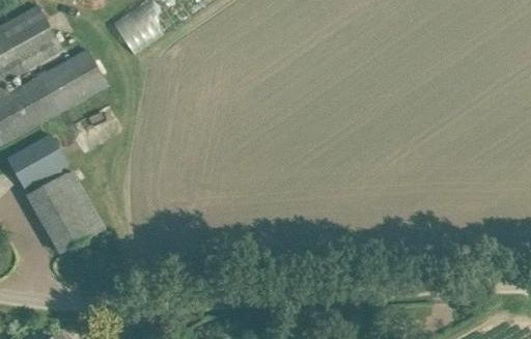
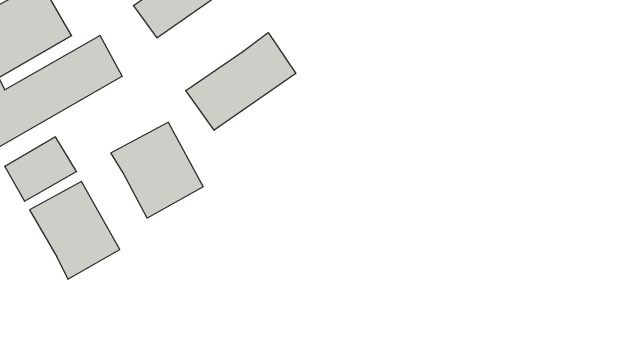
building: none -> [186,33,296,130]
building: none -> [111,122,203,218]

